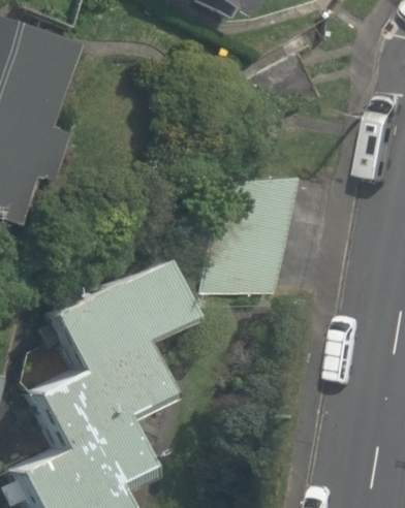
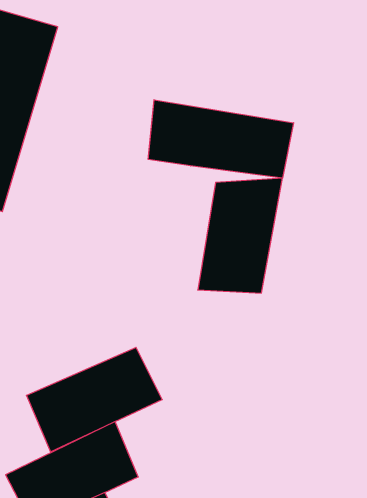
building: none -> [148,100,294,178]
building: [55,267,191,378] -> none

